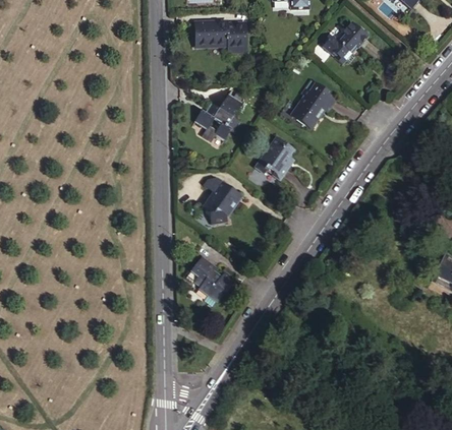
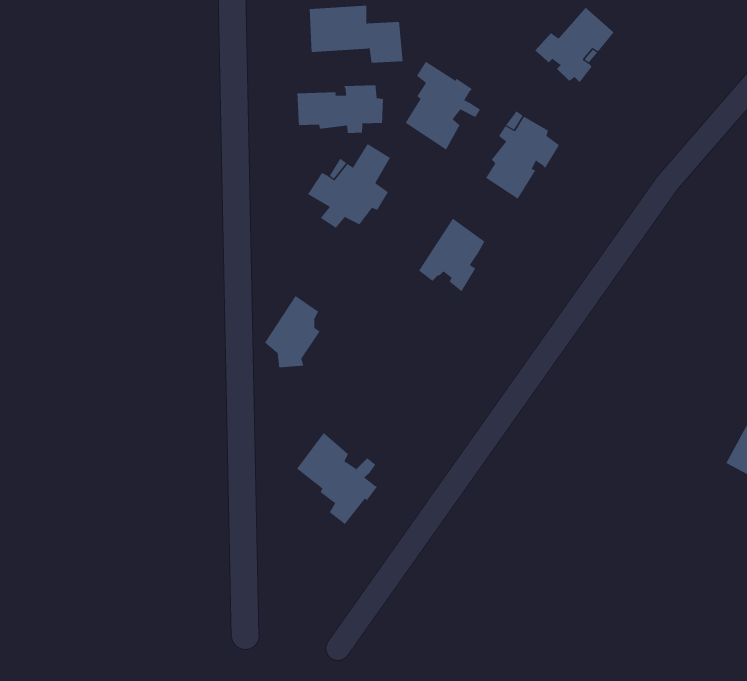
building: none -> [405,61,481,151]
building: none -> [297,84,384,134]
building: [203,187,234,228] -> [264,295,320,368]

